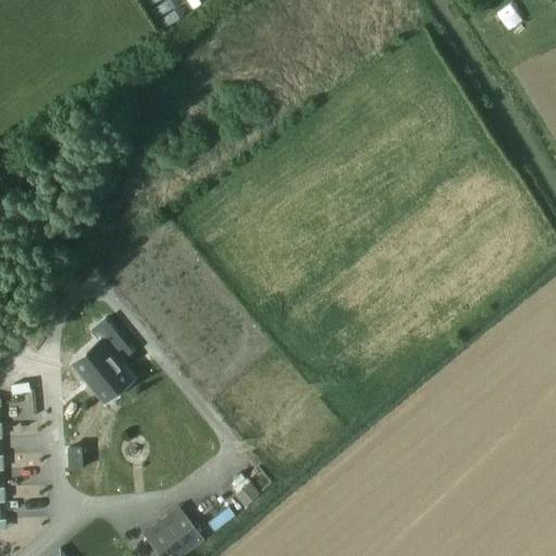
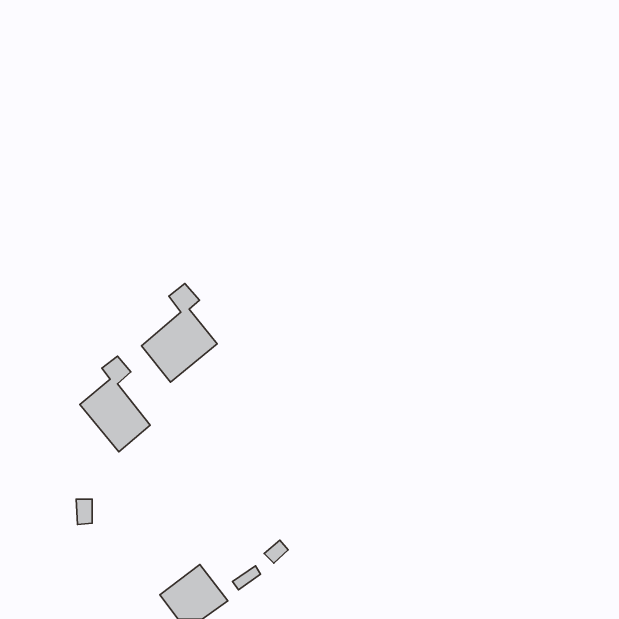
building: none -> [141,283,217,382]

